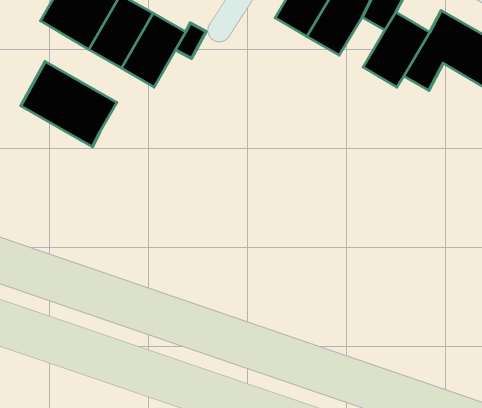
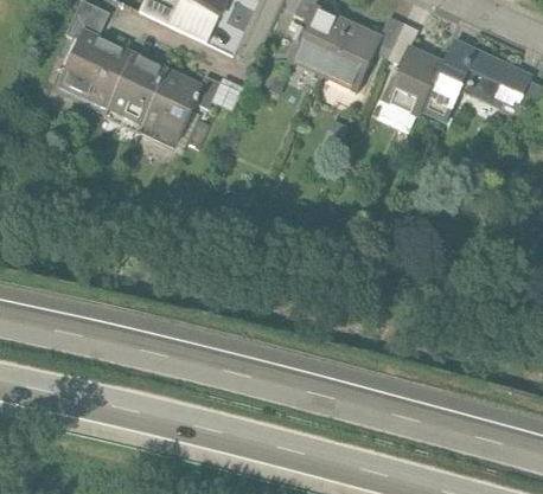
building: [21,61,117,147] -> none

